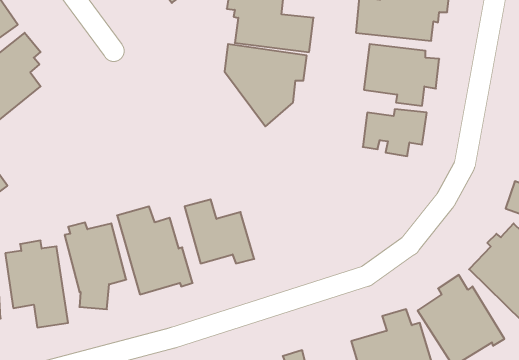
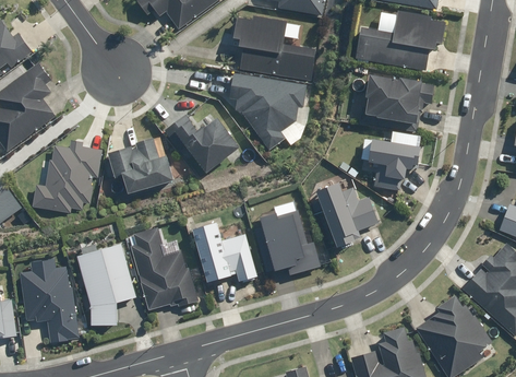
building: none -> [161,113,239,174]
building: none -> [32,138,104,213]
building: none -> [108,138,173,192]
building: none -> [313,178,380,248]
building: none -> [259,200,322,275]

